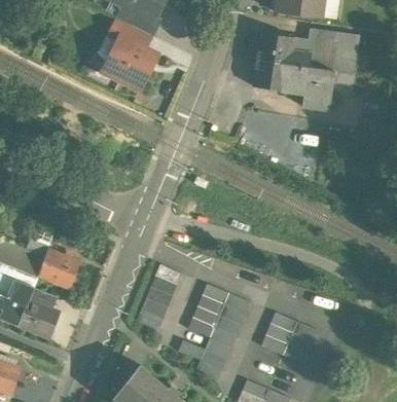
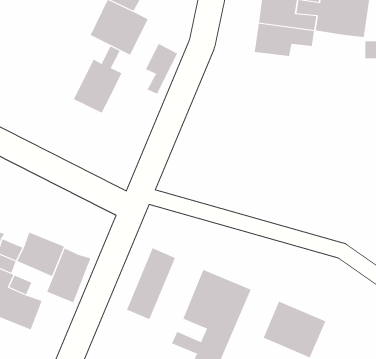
building: [286,67,334,109] -> none
building: none -> [145,43,178,95]
building: none -> [73,45,122,113]
building: none -> [46,248,91,303]

